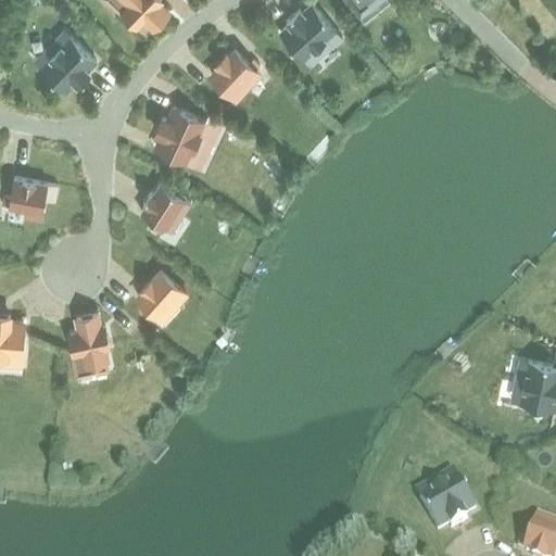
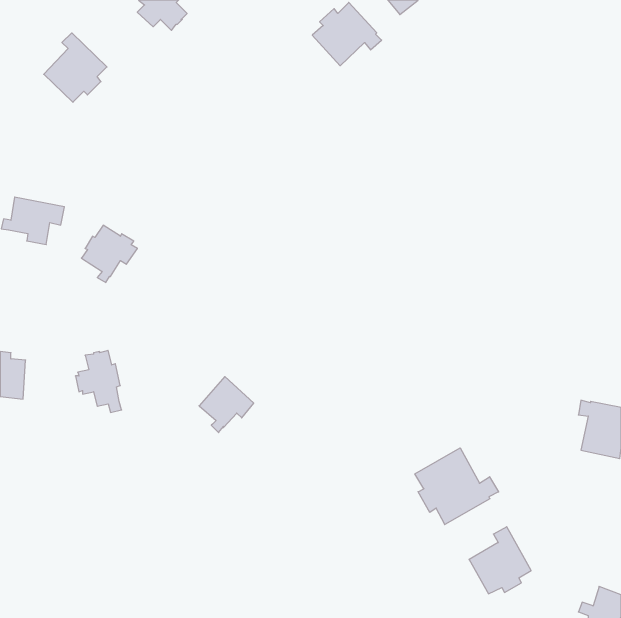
building: [210,51,260,102] -> none
building: [155,110,212,163] -> none
building: [140,185,190,236] -> [81,225,137,282]
building: [137,273,186,323] -> [199,377,254,433]
building: none -> [415,448,499,525]

